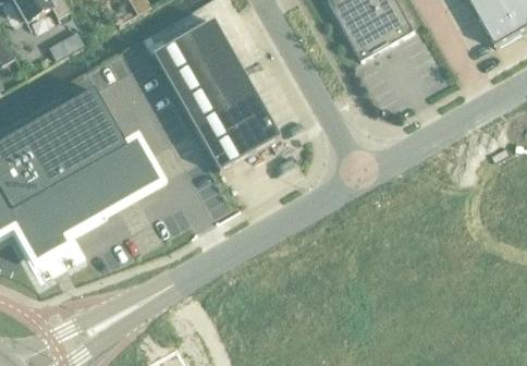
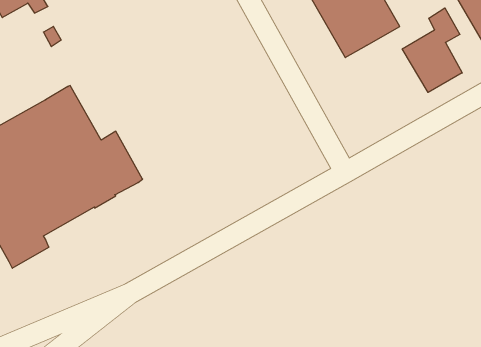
building: none -> [402,8,462,92]
building: [151,19,279,170] -> none

